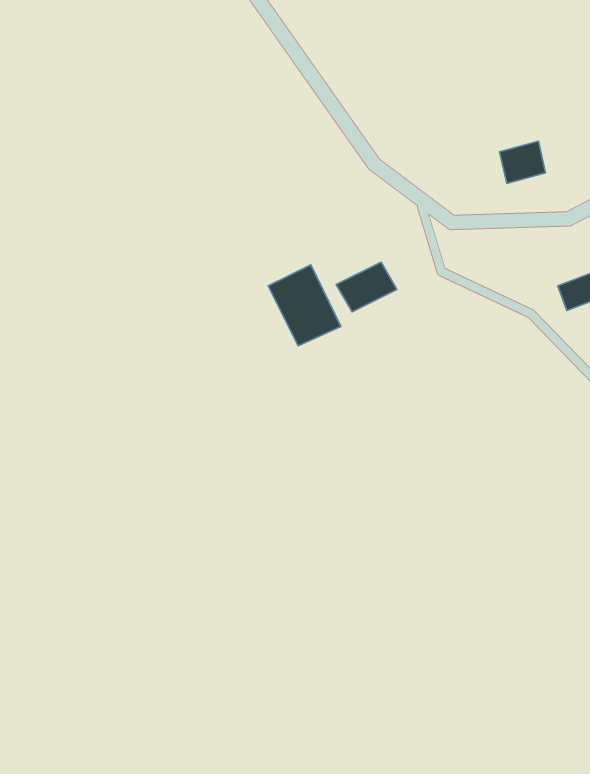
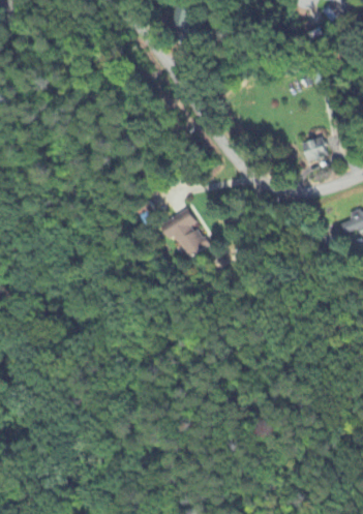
building: [336,262,397,312] -> none

